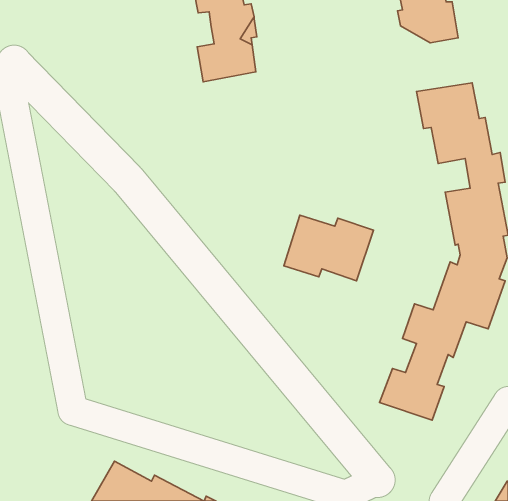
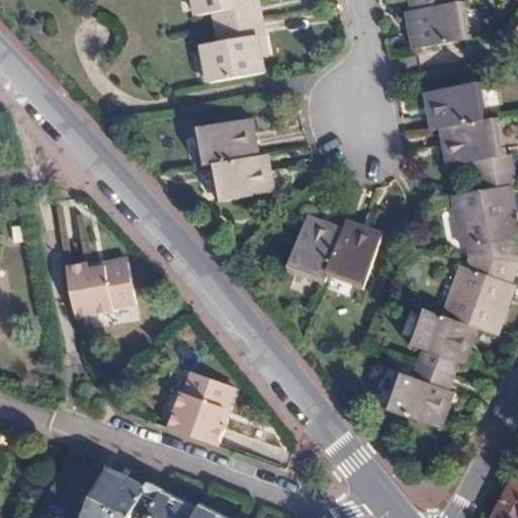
building: none -> [194,118,270,202]
building: none -> [65,260,134,315]
building: none -> [163,364,227,438]

